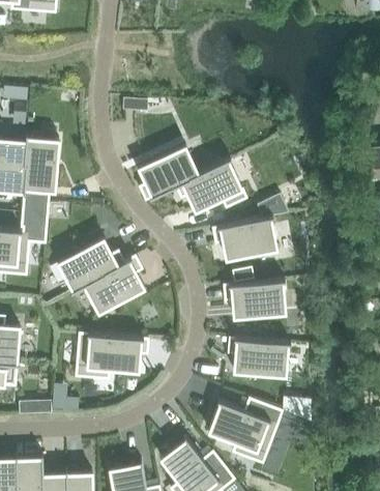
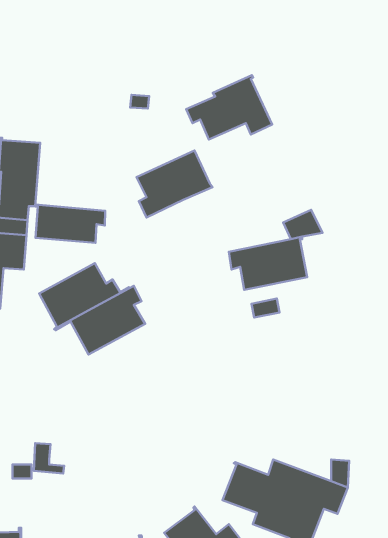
building: [176,158,246,211] -> [186,75,272,140]
building: none -> [35,204,105,243]
building: [224,281,286,318] -> none
building: [76,334,148,379] -> none
building: [229,339,291,376] -> none

